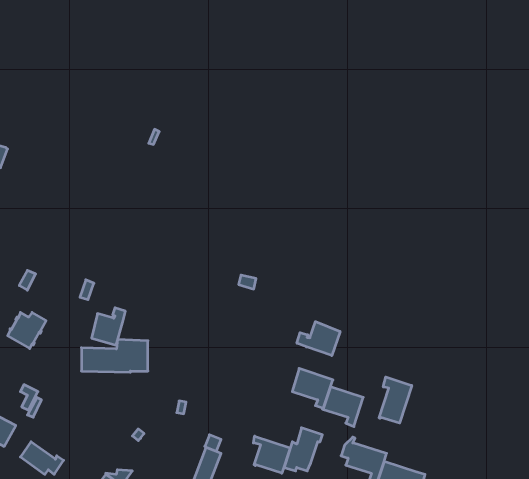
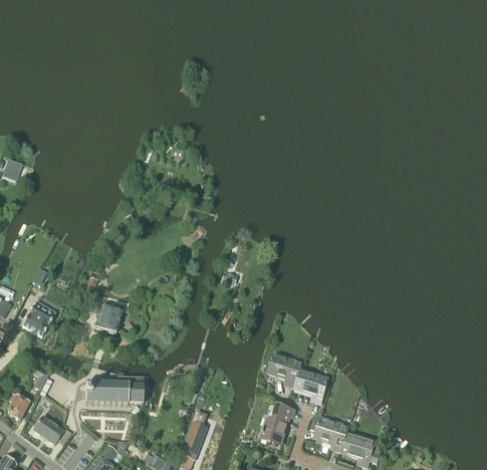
building: [297,322,340,356] -> none
building: [81,340,148,372] -> [86,376,144,404]
building: [379,377,412,423] -> none
building: [253,436,290,473] -> none

